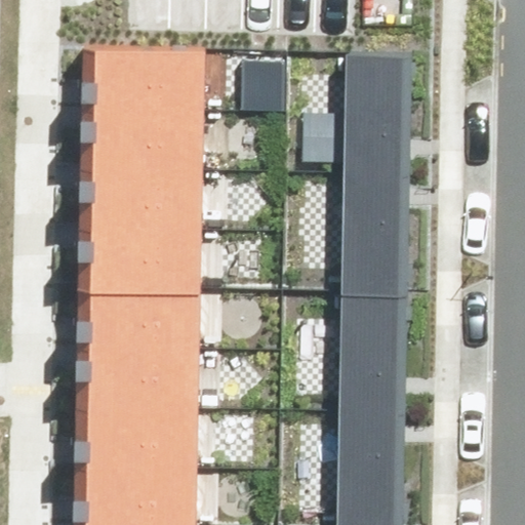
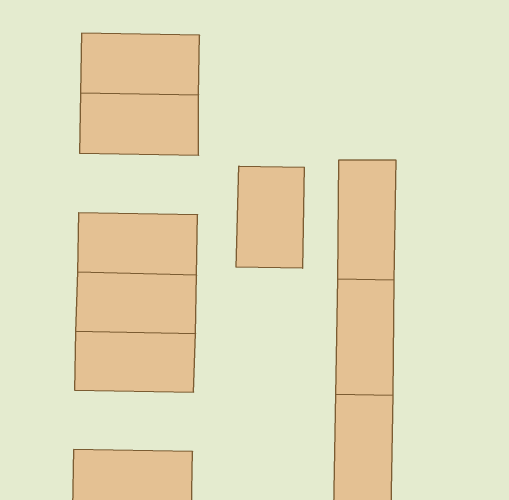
building: [345,56,404,178] -> none
building: [80,171,202,234] -> none
building: none -> [236,166,304,268]
building: [75,412,197,475] -> none

